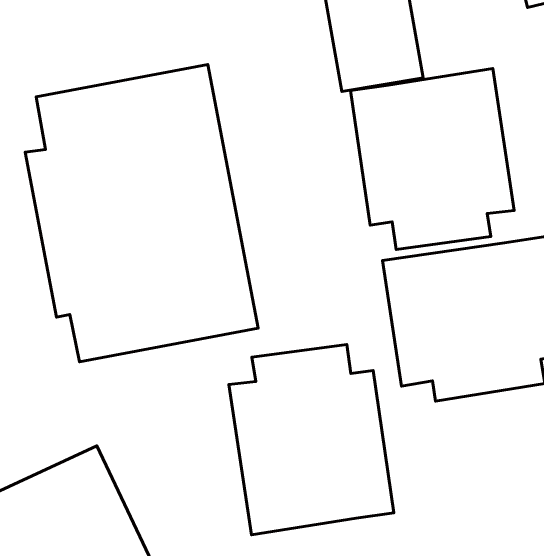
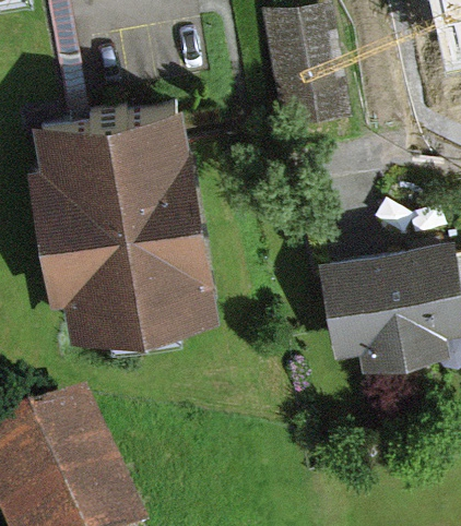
building: [351,69,514,249] -> none
building: [229,344,394,535] -> none

